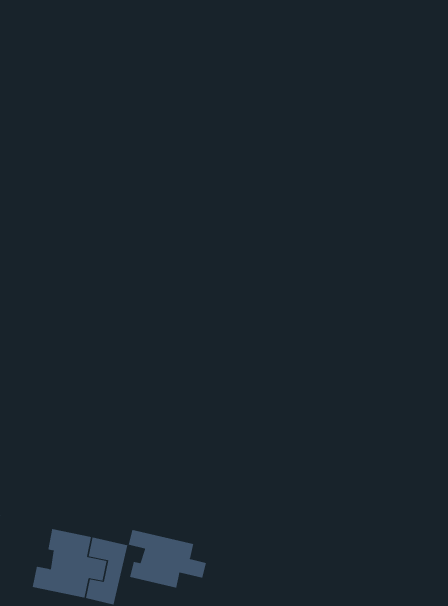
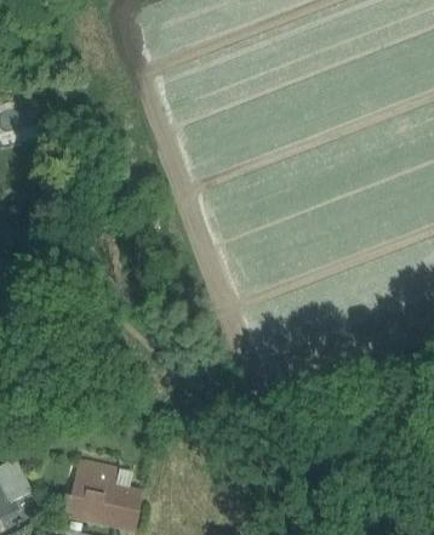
building: [128,529,206,588] -> none

